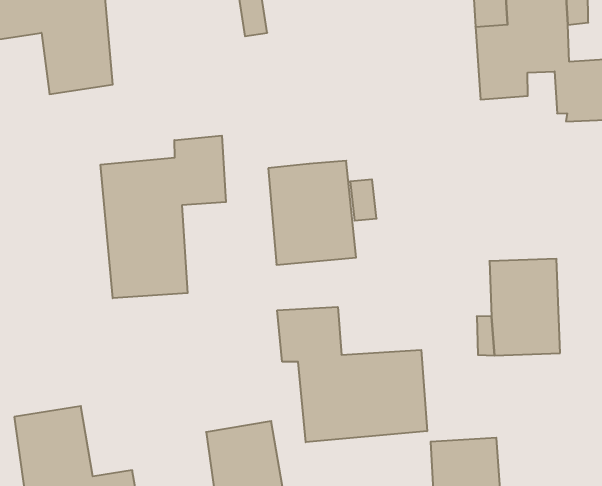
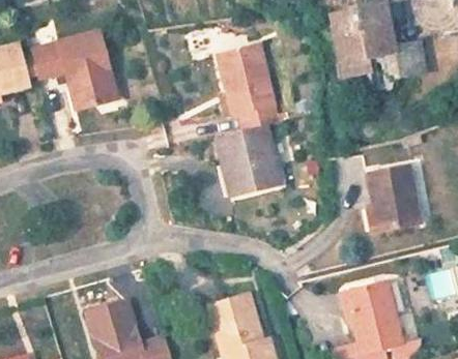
building: none -> [218,42,281,129]
building: [101,136,226,298] -> none
building: [277,307,427,442] -> none

